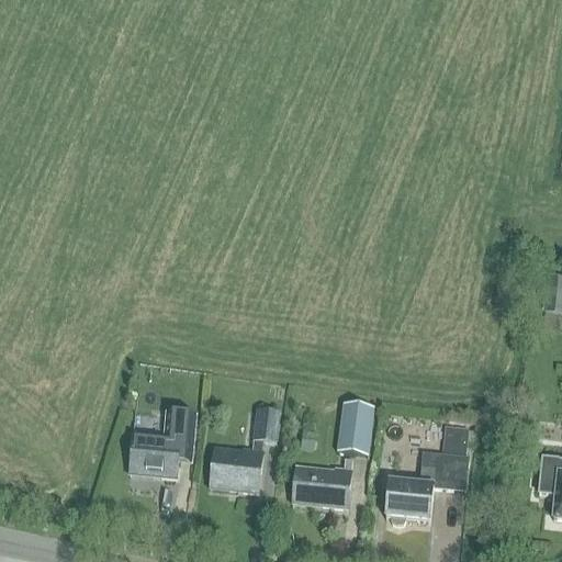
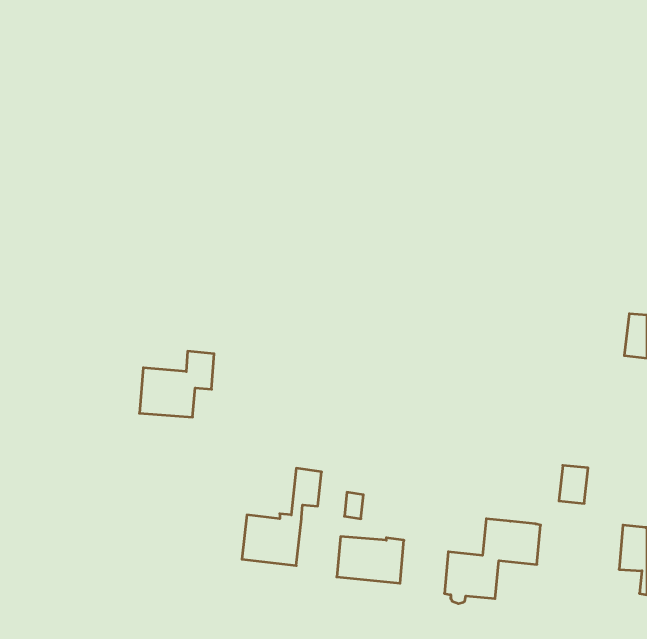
building: [339,400,372,451] -> none
building: [130,418,194,475] -> [139,351,214,417]
building: [442,422,468,454] -> [559,465,588,503]

